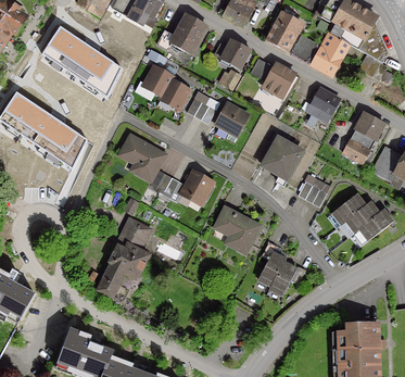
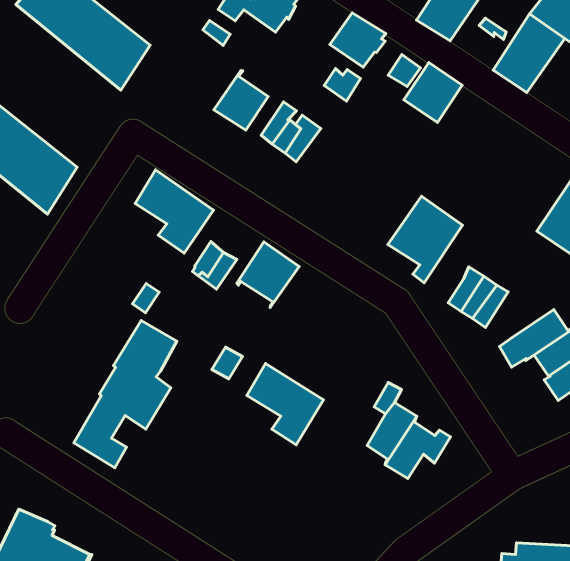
building: [136,65,173,99] -> none
building: [308,88,340,121] -> none
building: [216,103,249,140] -> none
building: [216,208,258,251] -> [247,364,323,445]

